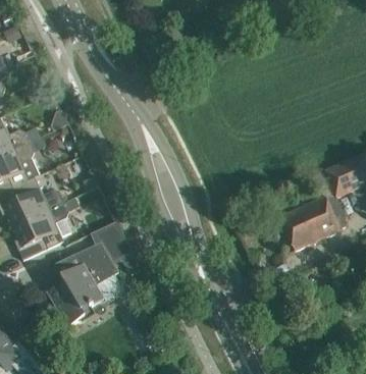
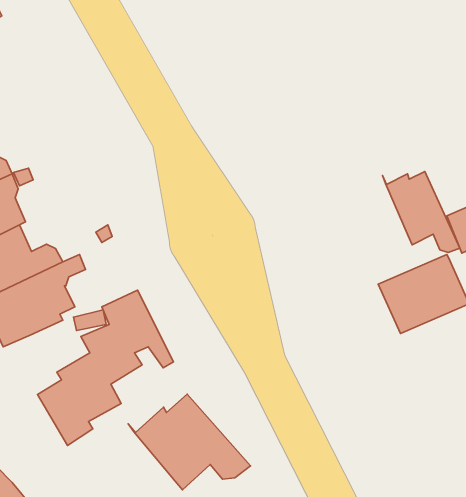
building: none -> [382,172,460,253]
building: none -> [128,394,250,490]

